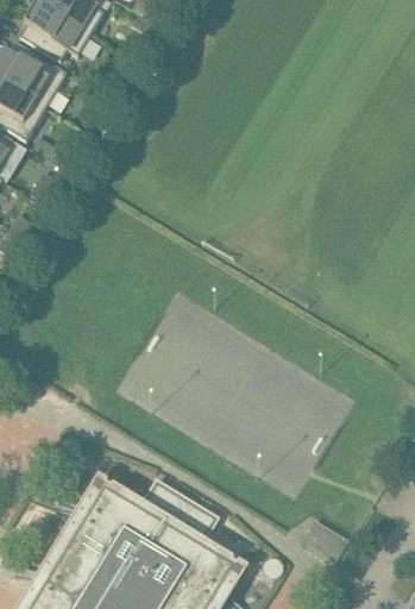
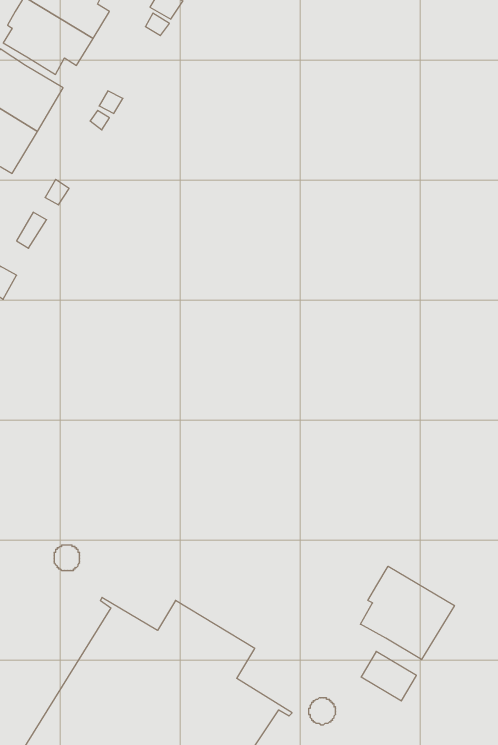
building: none -> [360,566,454,660]

